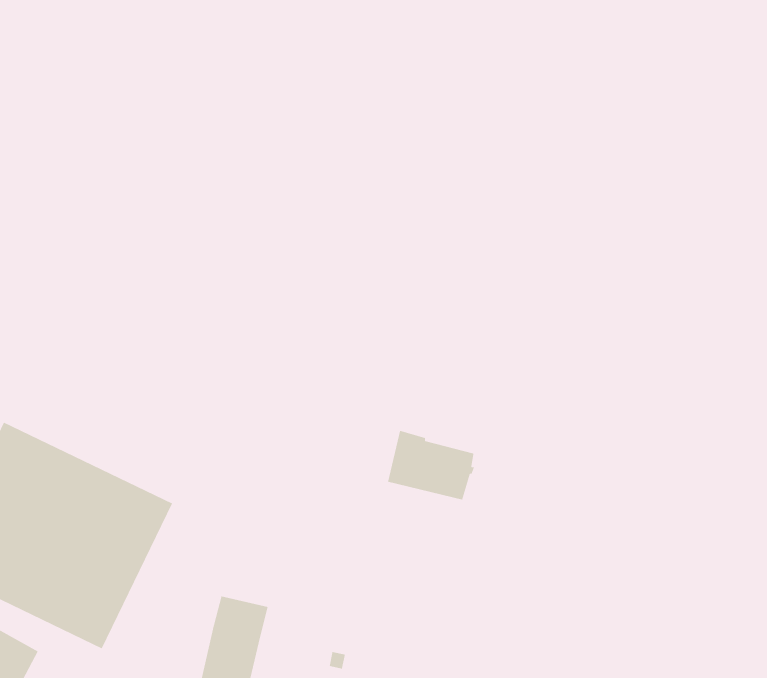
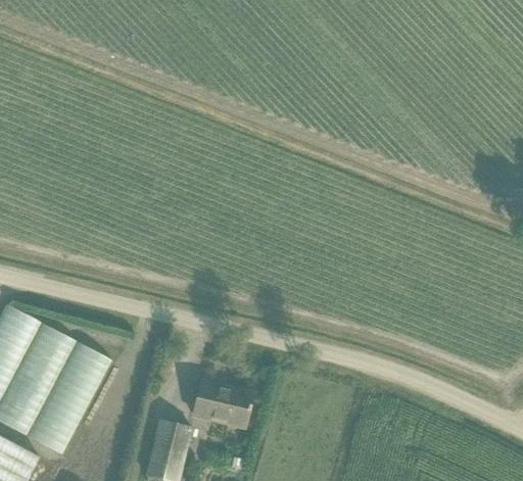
building: [387,430,475,501] -> [190,382,248,429]

